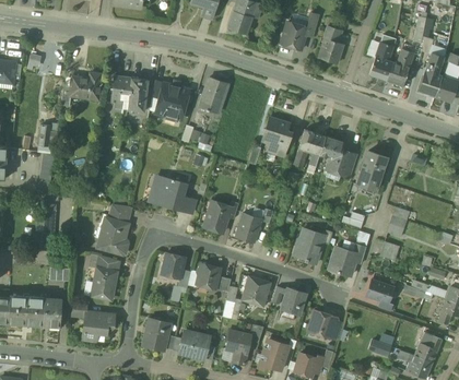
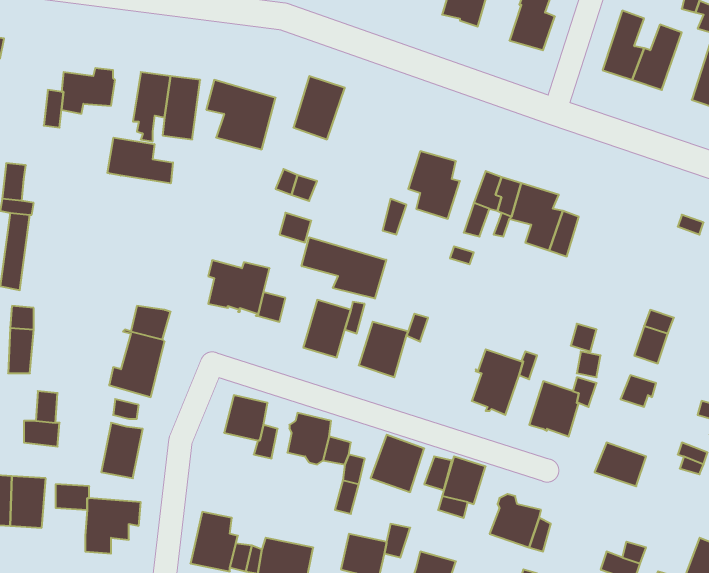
building: none -> [107,138,173,183]
building: [357,152,386,191] -> none
building: none -> [302,237,386,299]

